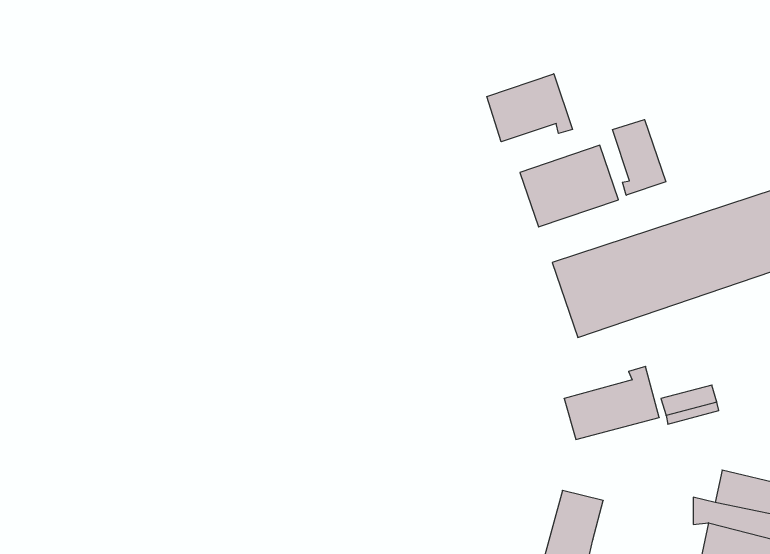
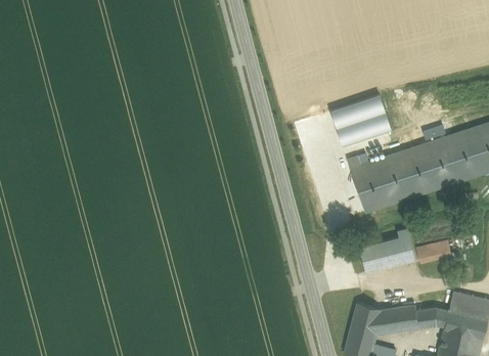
building: [487,74,573,142] -> none
building: [613,120,666,195] -> none
building: none -> [375,305,436,333]

